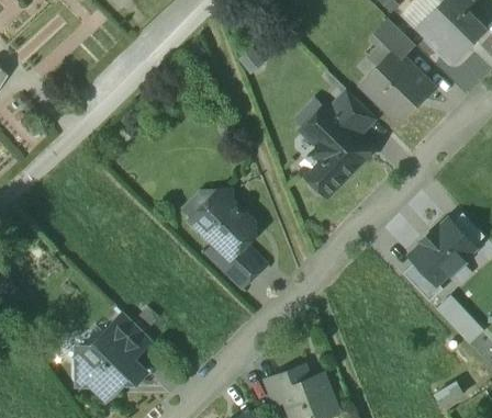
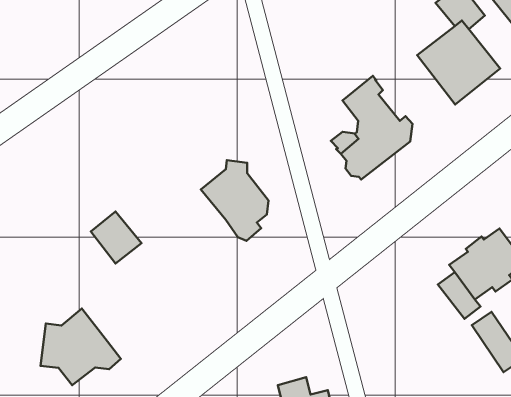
building: [327,90,376,142] -> none
building: [206,244,265,287] -> none
building: [105,315,149,359] -> [91,211,142,263]

